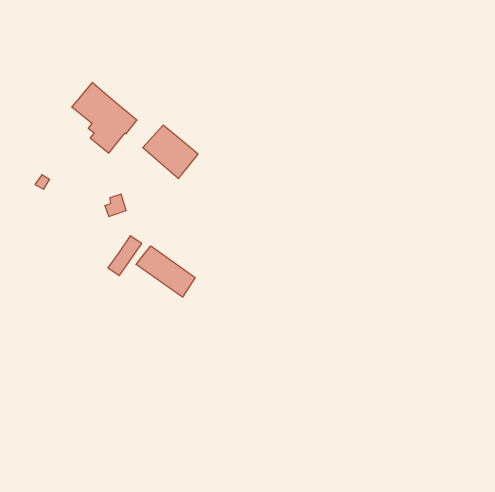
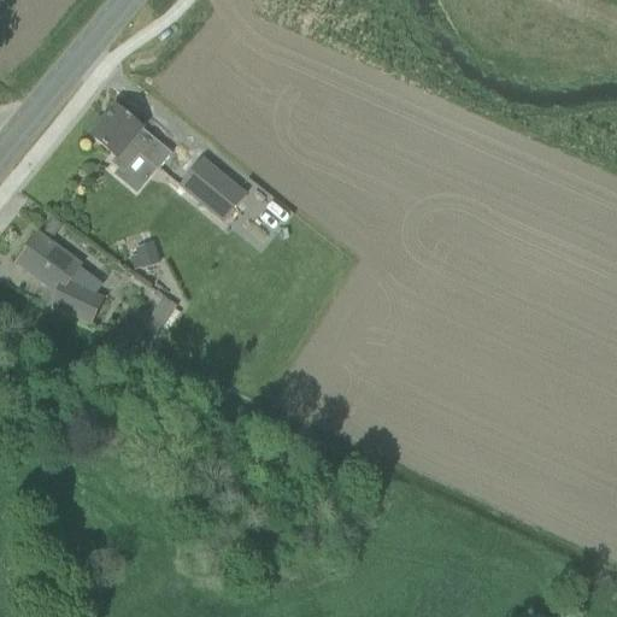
building: none -> [17,231,101,321]
building: [136,246,195,297] -> none

